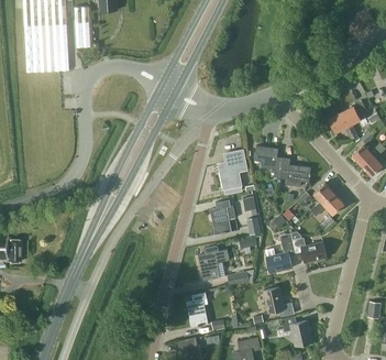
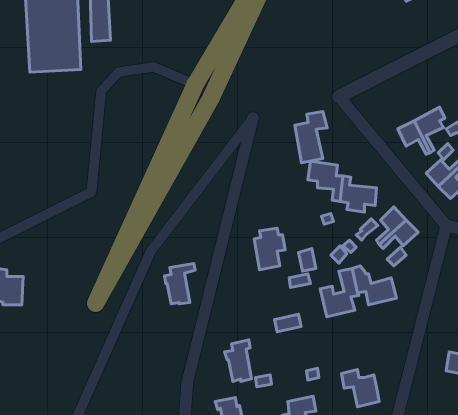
building: [219,152,245,194] -> [295,112,327,163]
building: [198,244,223,277] -> [164,264,195,304]
building: [263,285,295,316] -> none

